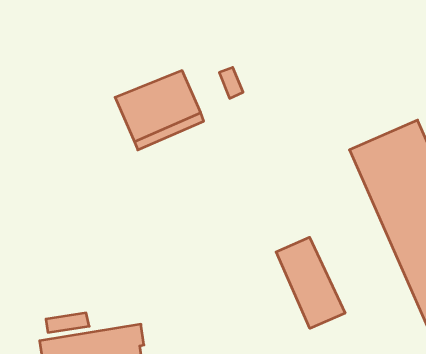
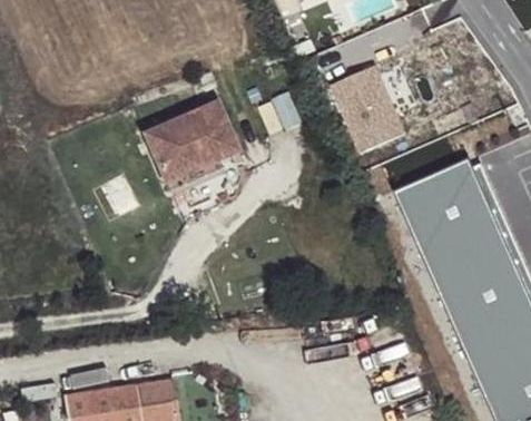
building: none -> [333,65,405,150]
building: [276,237,345,328] -> none

